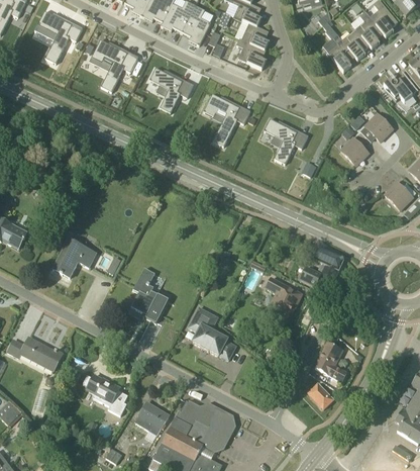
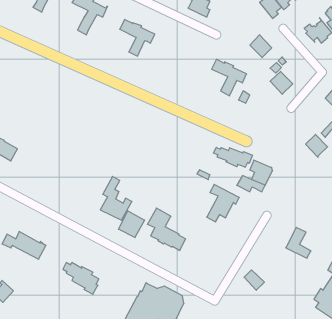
building: [207,97,253,146] -> none
building: [364,112,392,140] -> [250,35,272,58]
building: [385,181,412,209] -> [306,134,328,157]
building: none -> [214,147,252,167]
building: [52,238,96,276] -> none
building: none -> [118,211,145,238]
building: [315,342,346,380] -> [286,227,311,258]
building: [134,401,169,440] -> none

